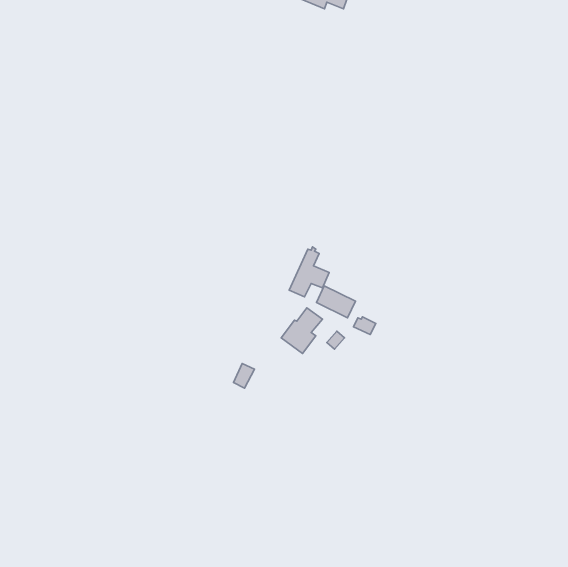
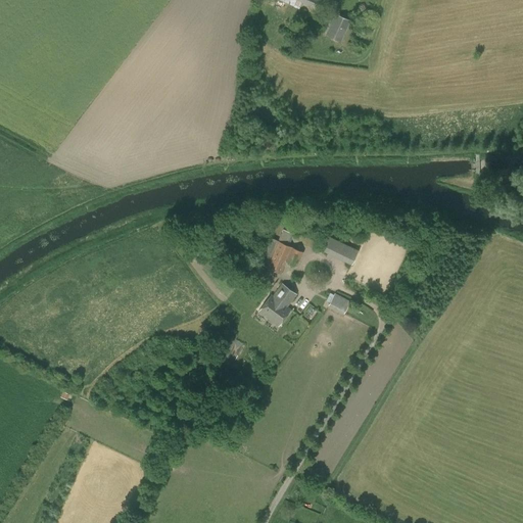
building: none -> [324,12,350,42]
building: [316,286,355,318] -> [322,235,358,265]

